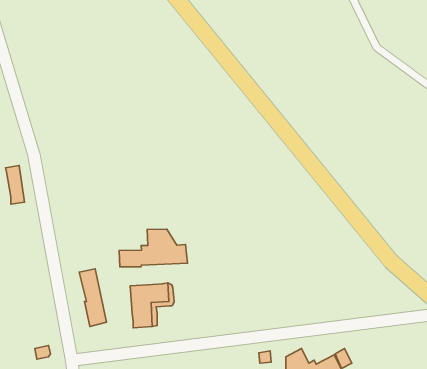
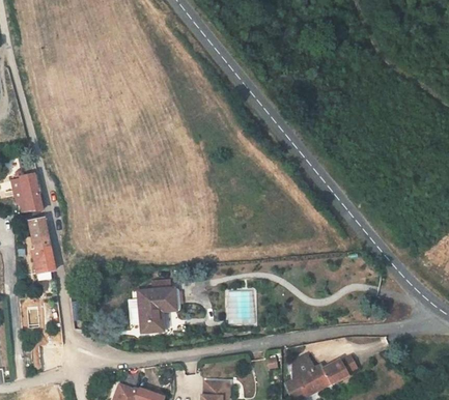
building: [119,229,188,267] -> none
building: [79,269,107,327] -> [25,216,52,273]

